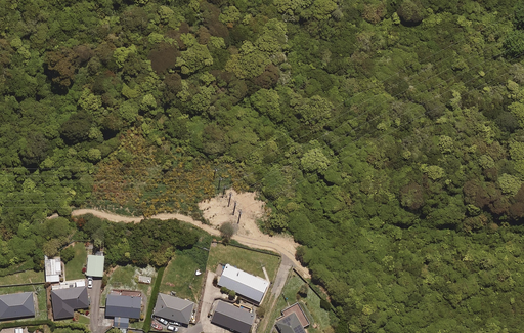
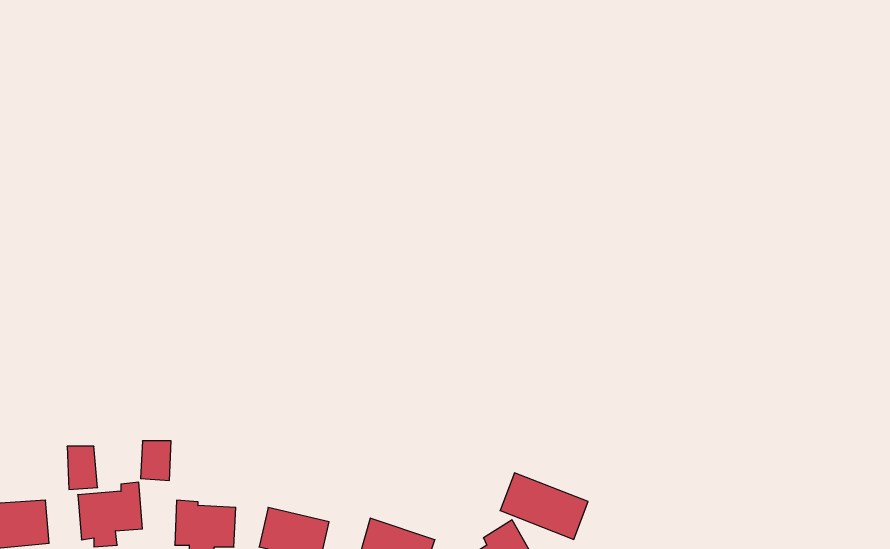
building: [217,264,267,302] -> [500,473,588,539]

